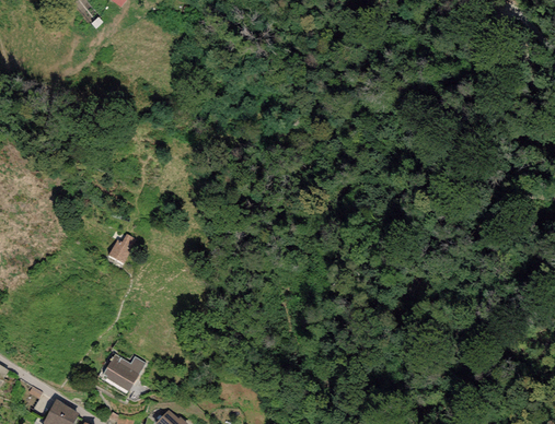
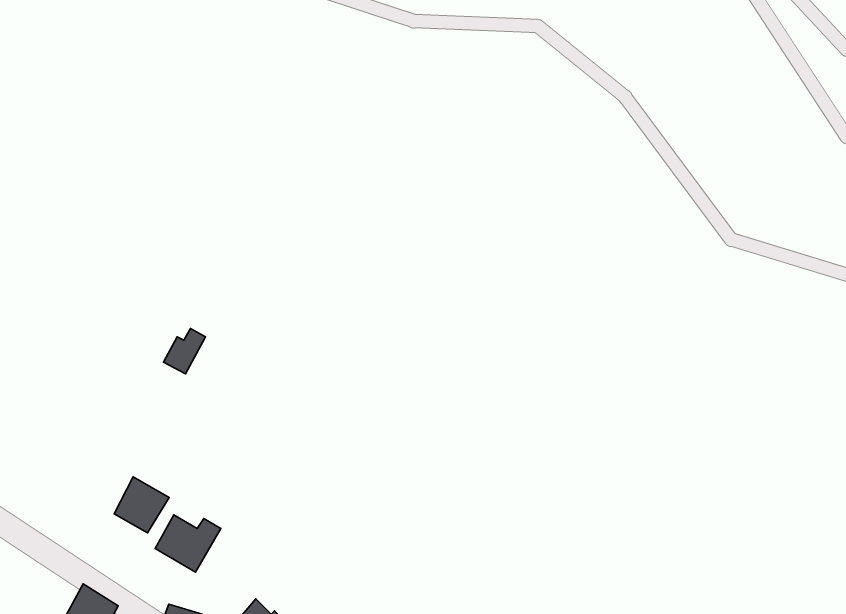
building: none -> [114,477,169,533]

